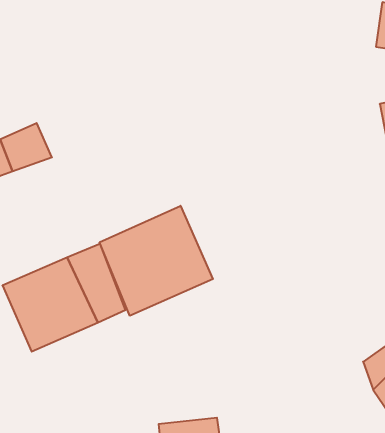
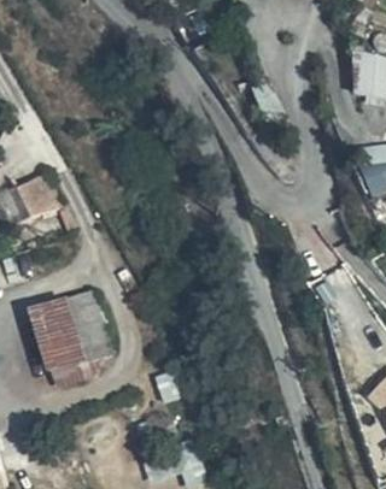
building: [100,206,213,316] -> none

